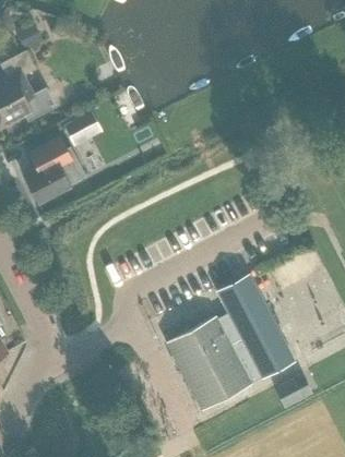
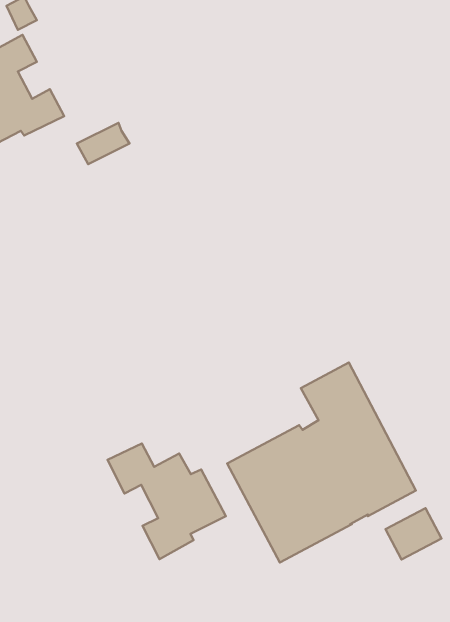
building: [23,136,72,202] -> none
building: none -> [107,444,226,559]

